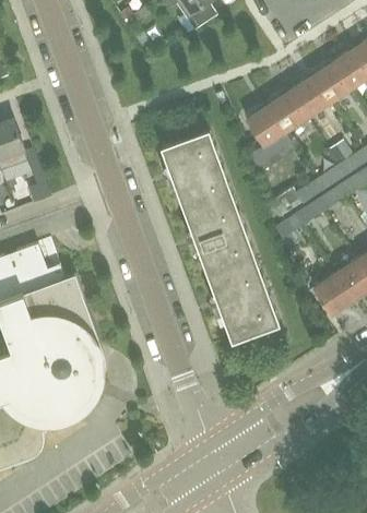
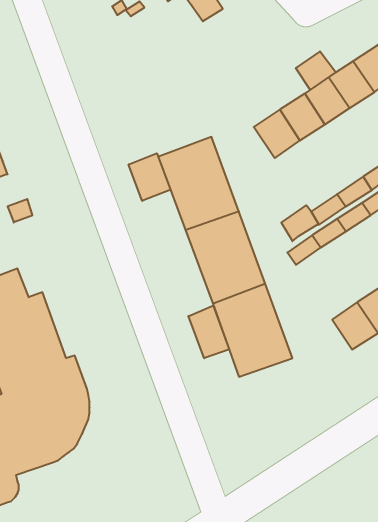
building: none -> [296,51,336,90]
building: none -> [129,153,170,201]
building: none -> [188,305,229,358]

